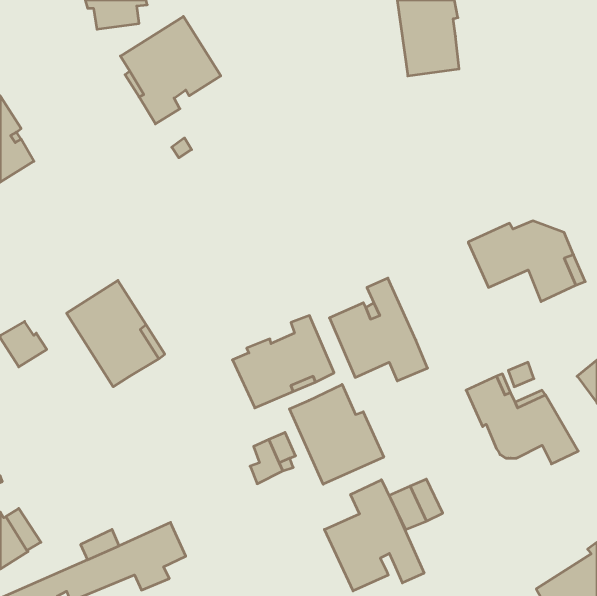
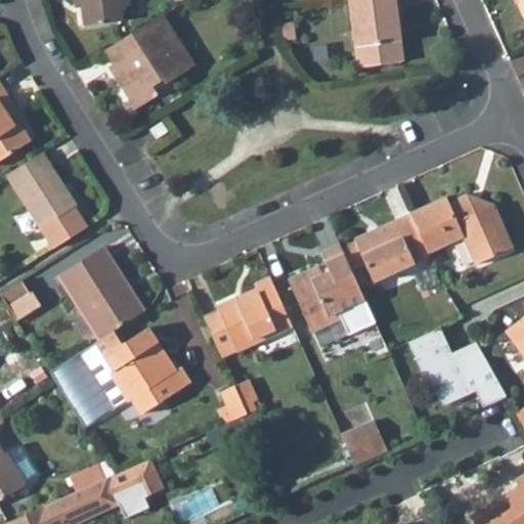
building: none -> [6,152,88,250]
building: none -> [354,214,429,281]
building: none -> [49,329,190,428]
building: [289,384,384,484] -> none
building: [324,480,424,591] -> none

